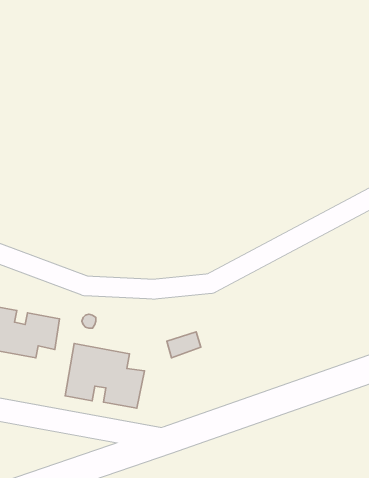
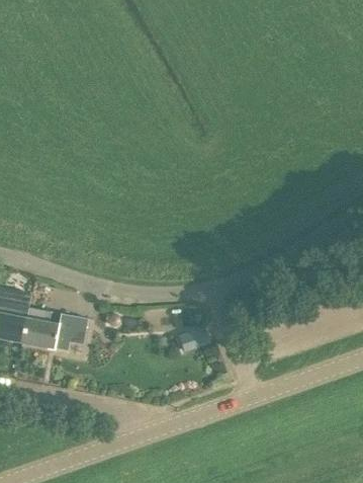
building: [65,343,144,408] -> none

